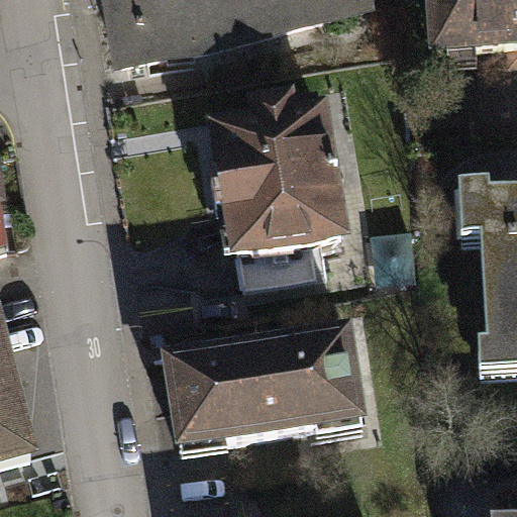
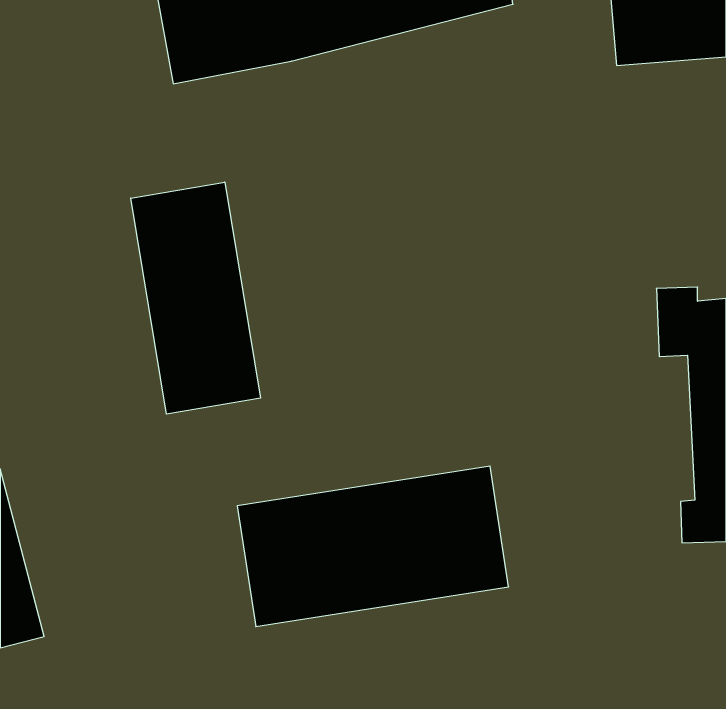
building: [212,99,342,285] -> none
building: none -> [131,182,260,414]

